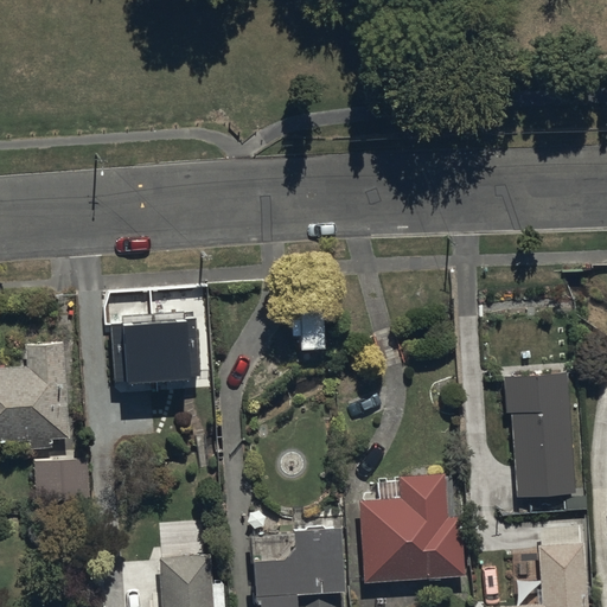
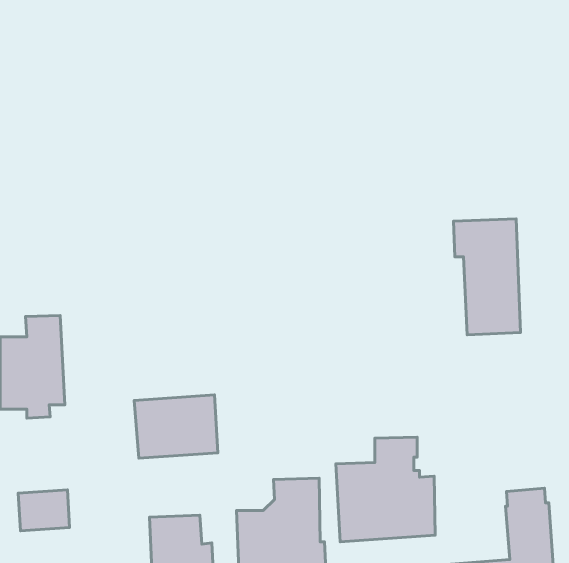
building: [111,325,200,392] -> [134,395,218,458]
building: [503,372,574,496] -> [454,219,521,335]
building: [36,464,90,507] -> [18,490,70,531]

